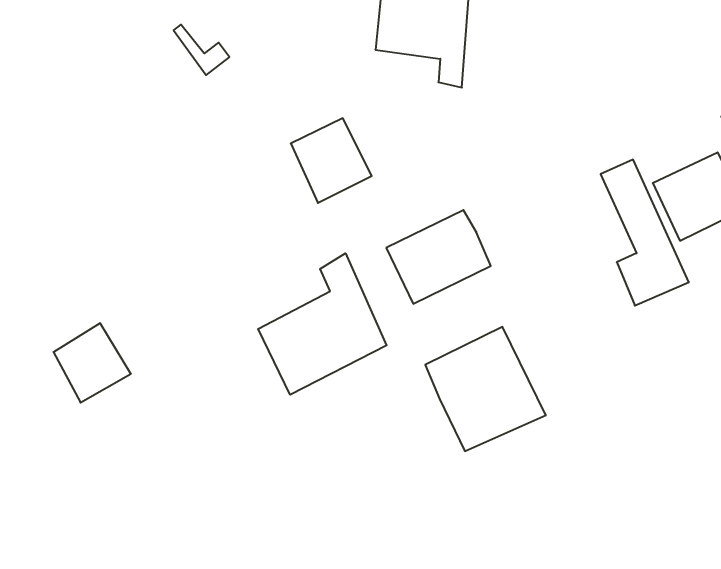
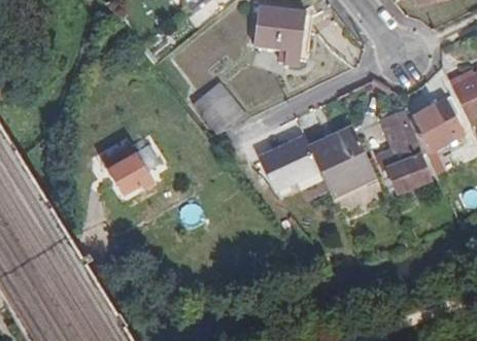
building: [258,253,387,395] -> none
building: [53,323,131,403] -> [108,156,152,201]
building: [425,327,546,451] -> [309,126,378,197]

